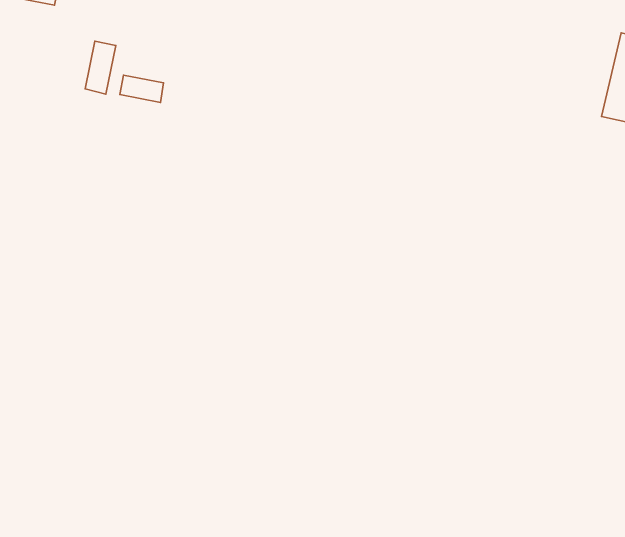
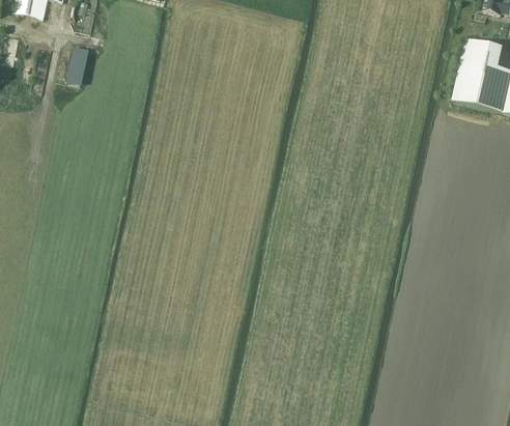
building: [120,75,163,103] -> none

